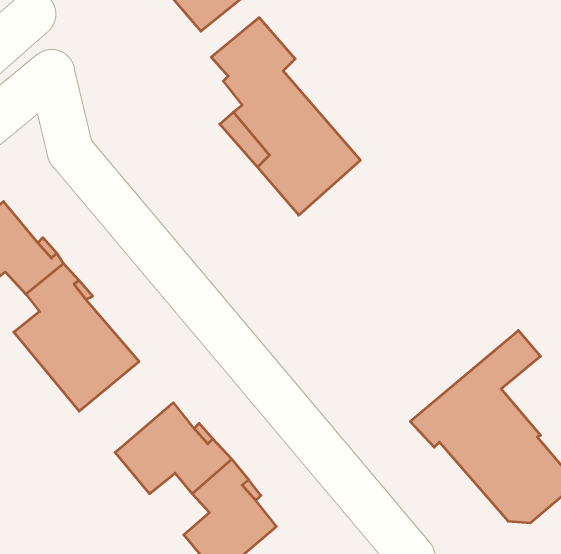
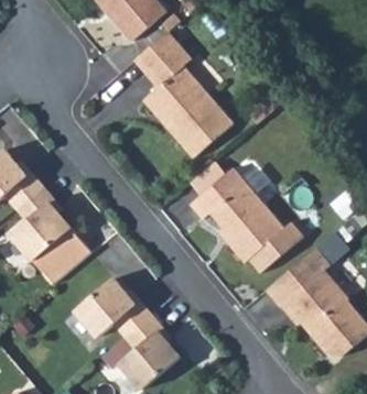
building: none -> [190,168,310,272]

